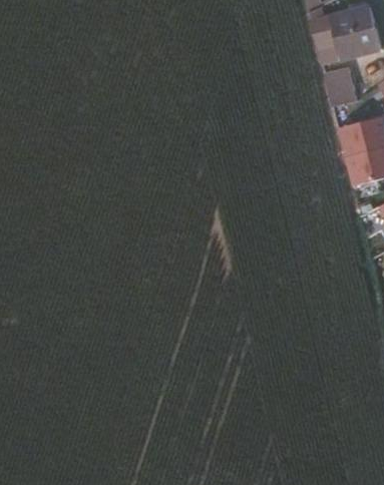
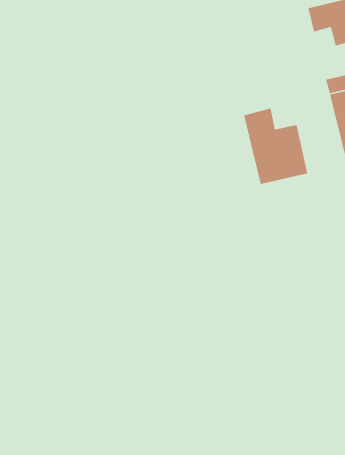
building: none -> [243,108,308,185]

